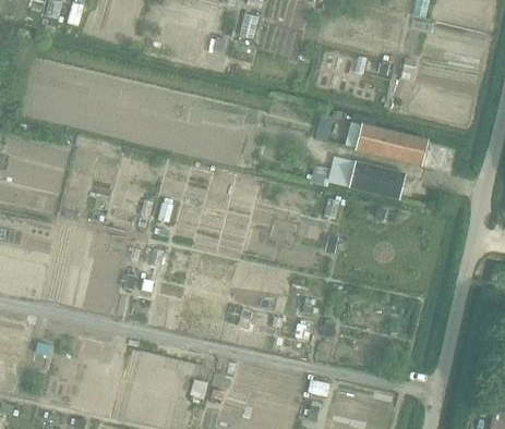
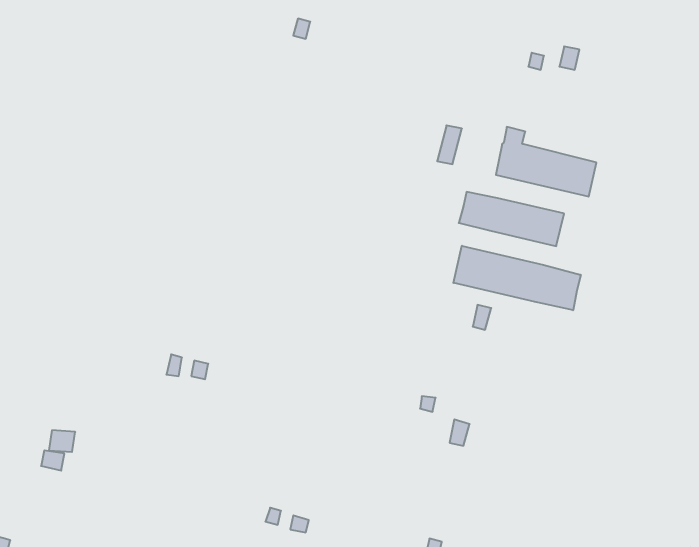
building: none -> [453,246,581,310]

